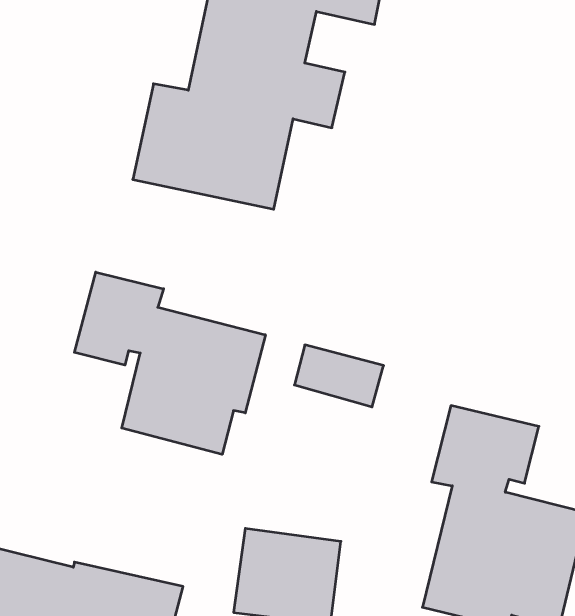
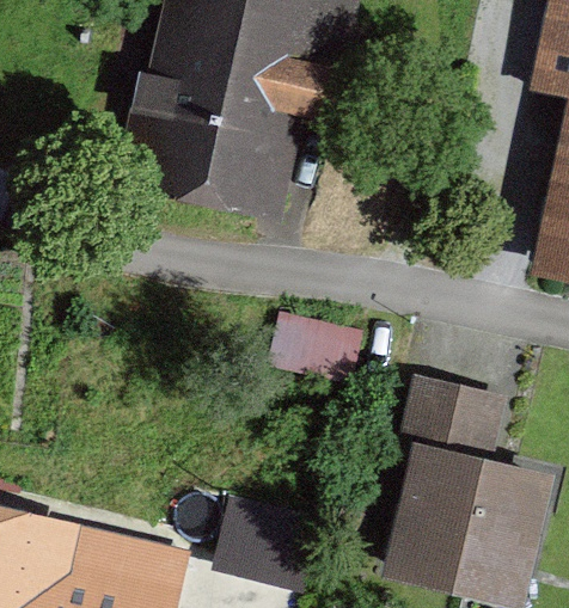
building: [74,272,265,454] -> none

